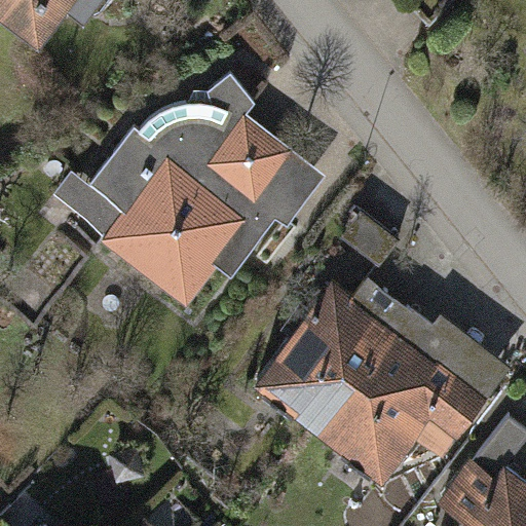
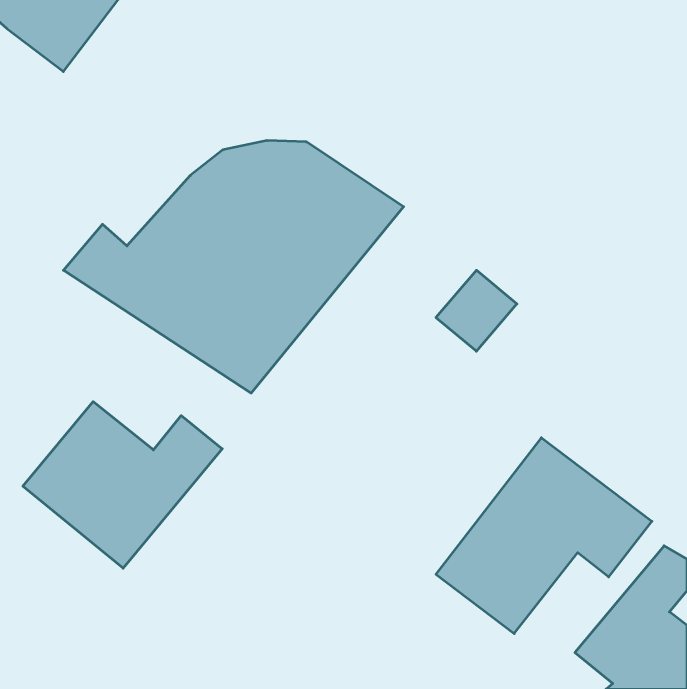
building: [264,281,412,437] -> none
building: none -> [23,402,222,568]

